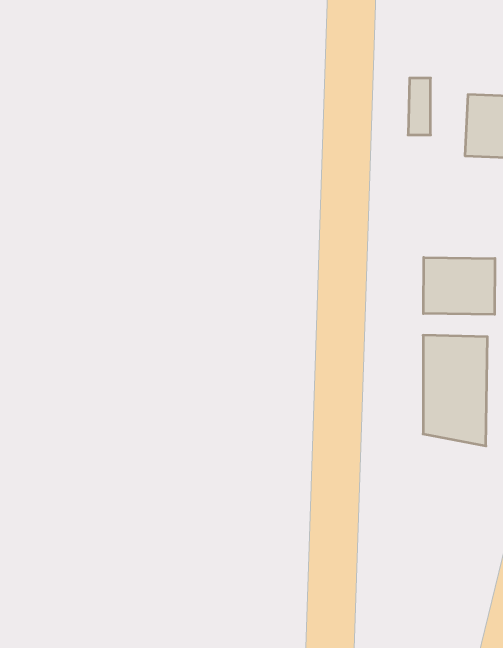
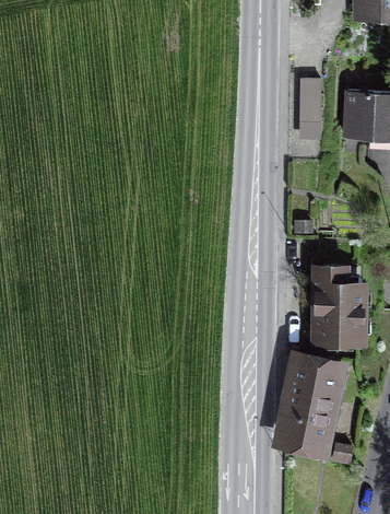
building: [423,257,495,314] -> none
building: none -> [280,359,334,447]

